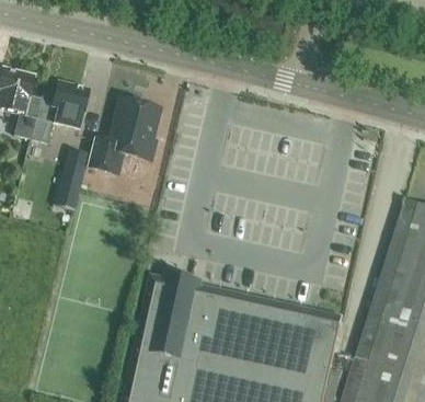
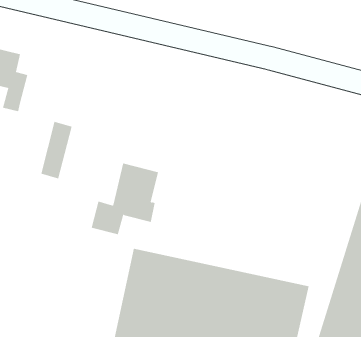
building: [31,82,89,142] -> none
building: [87,97,159,174] -> [91,163,159,235]

